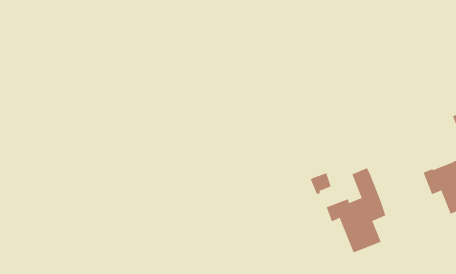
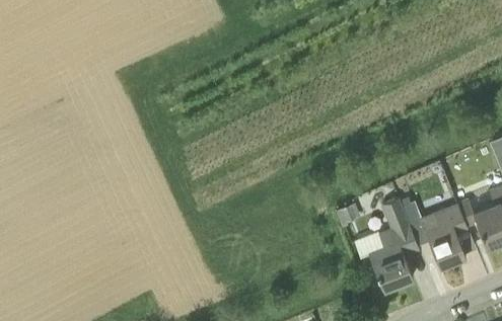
building: none -> [425,204,468,267]

